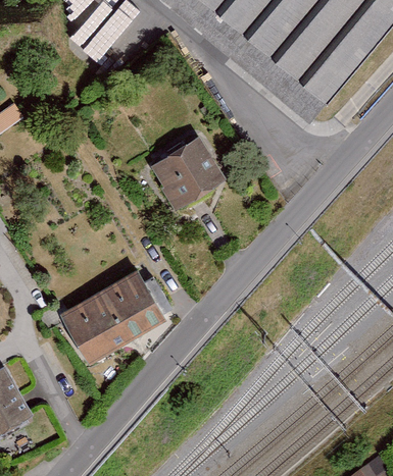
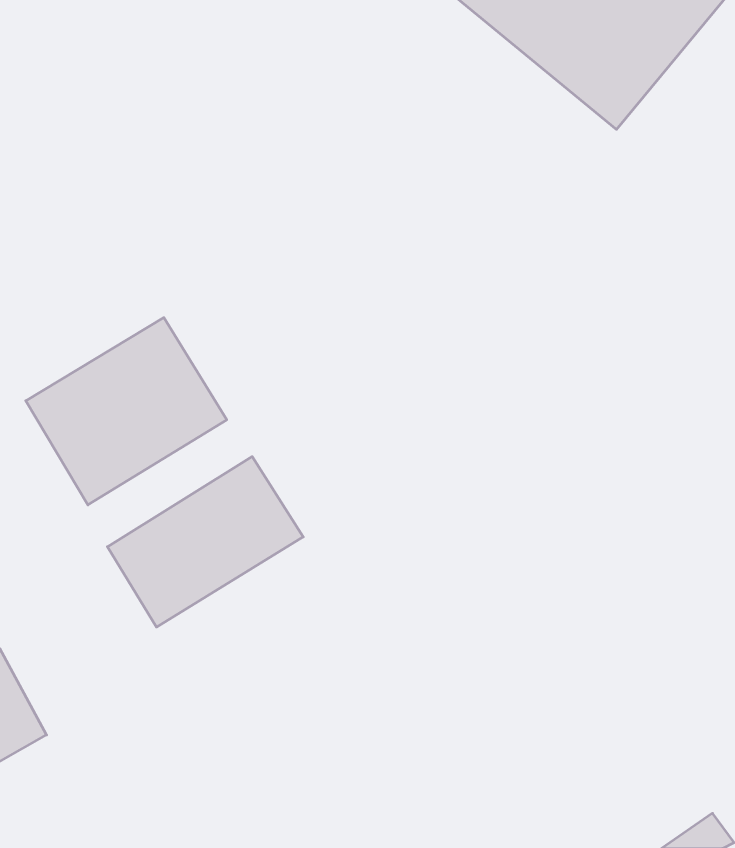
building: [143,135,227,213] -> none
building: none -> [26,318,227,505]

